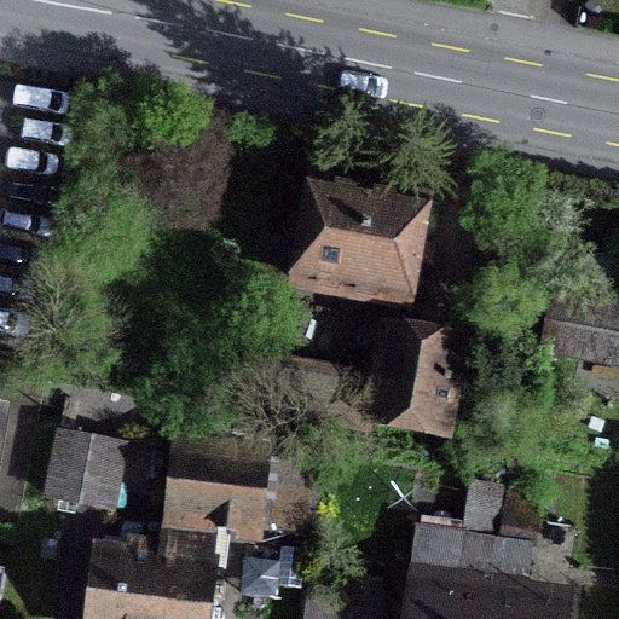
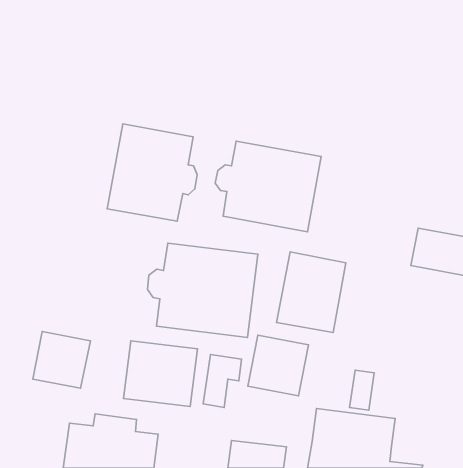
building: none -> [107,124,197,221]
building: none -> [148,243,258,337]
building: none -> [248,335,308,396]

